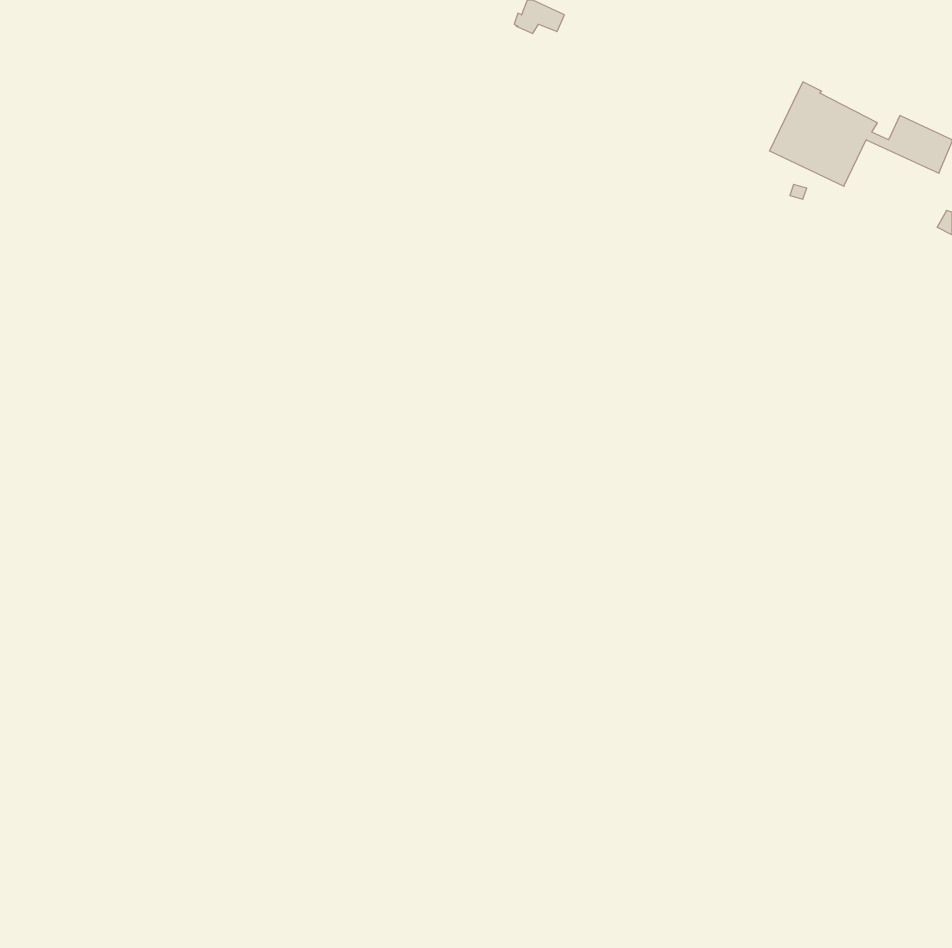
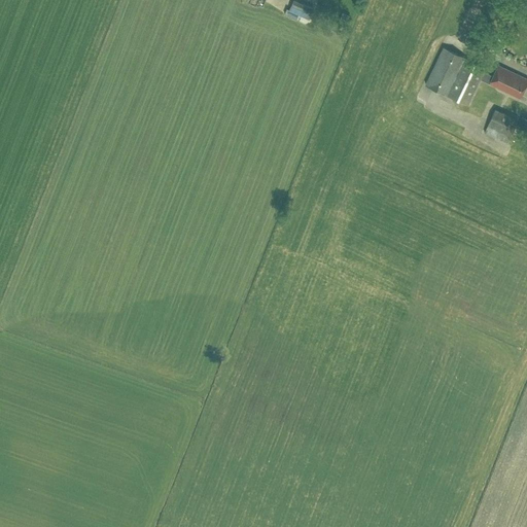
building: none -> [484,111,516,144]

